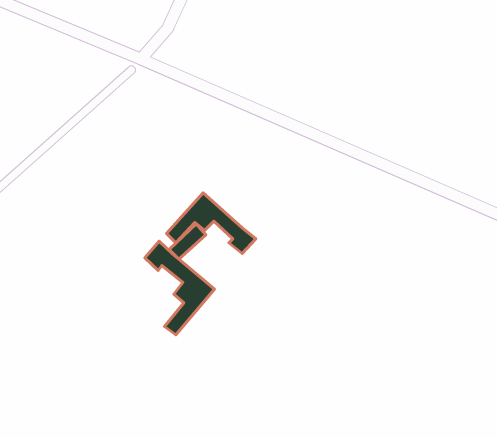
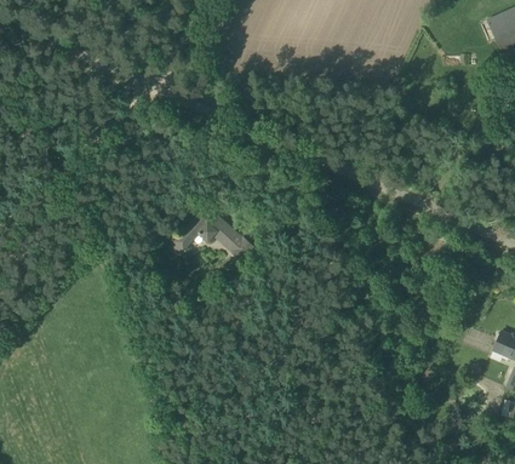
building: [145,241,214,335] -> none

